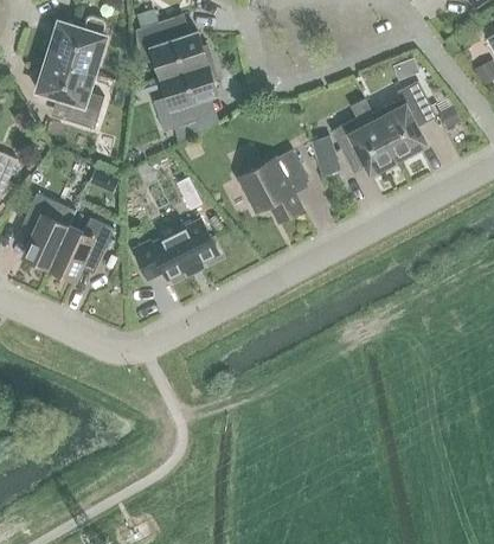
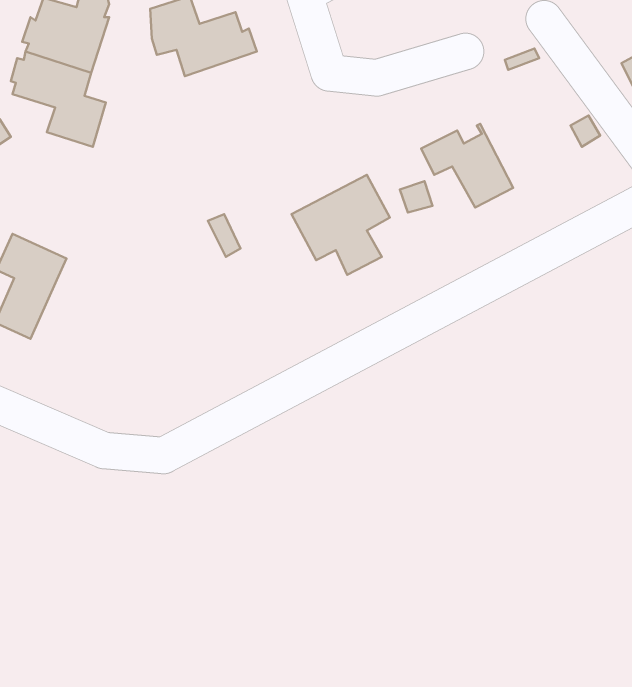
building: [154,60,218,133] -> none
building: [374,81,431,159] -> none
building: [50,217,115,280] -> none
building: [134,219,218,279] -> none

